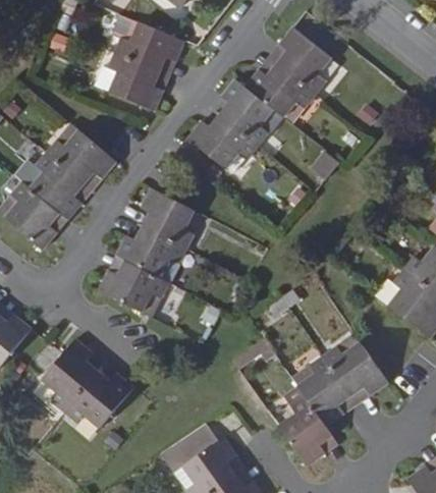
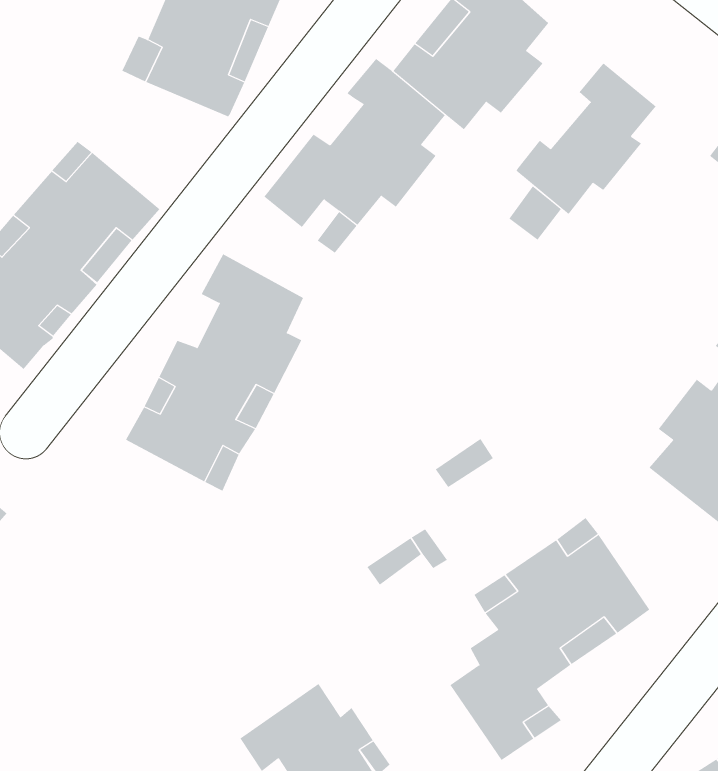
building: none -> [516,62,656,215]
building: [40,338,134,430] -> none

